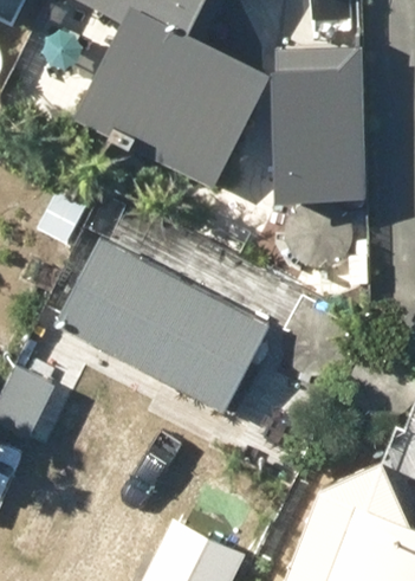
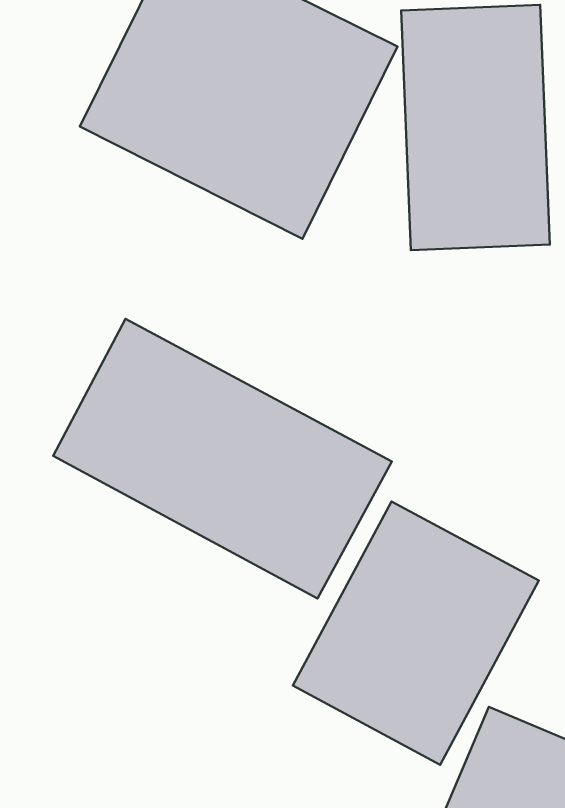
building: none -> [293,501,539,765]

